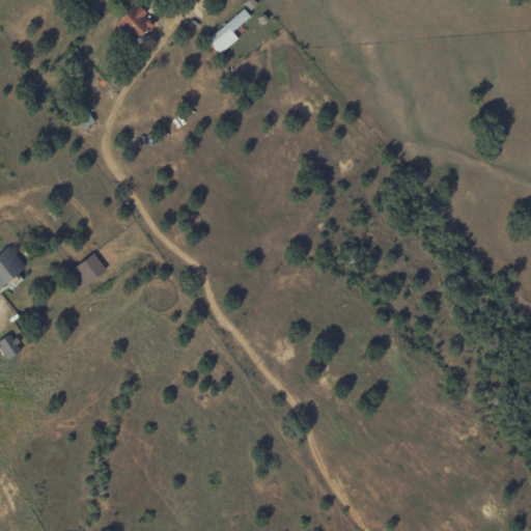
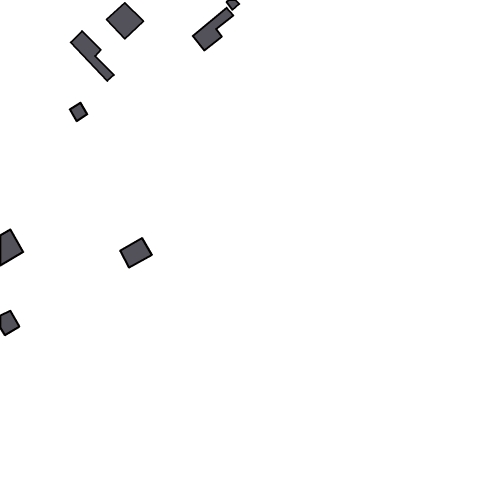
building: none -> [71,31,114,81]
building: [72,254,106,285] -> [120,238,152,267]

